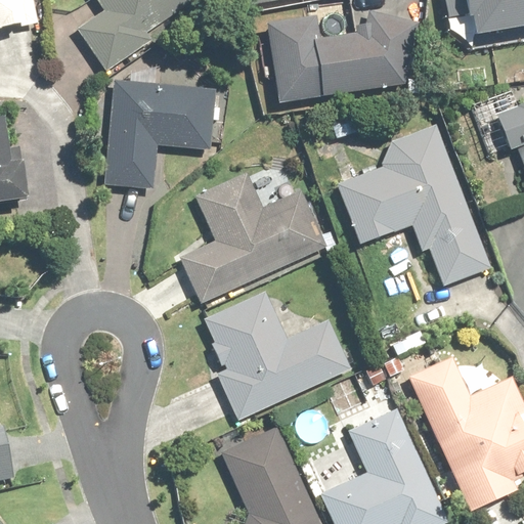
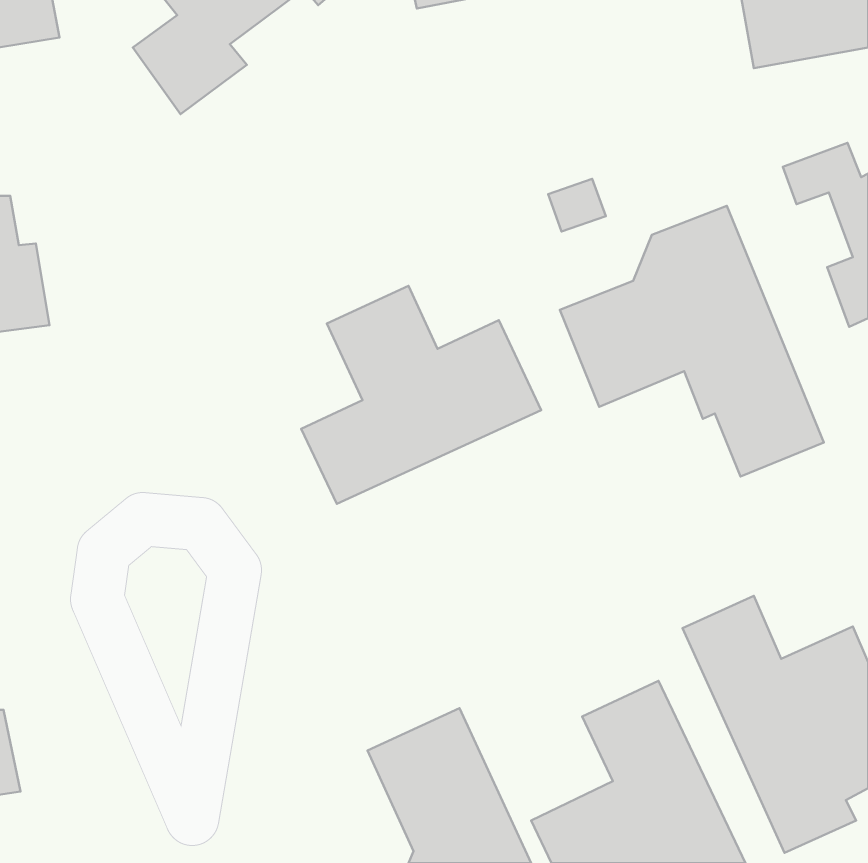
building: [265,12,410,106] -> none
building: [108,83,210,188] -> none
building: [205,291,352,418] -> none

